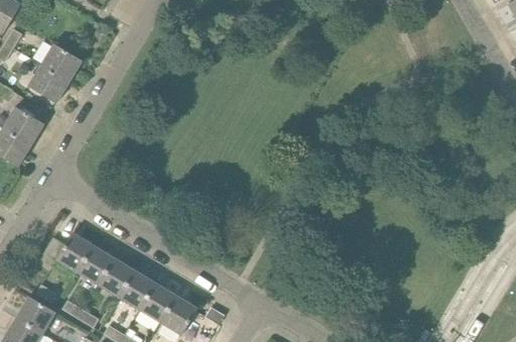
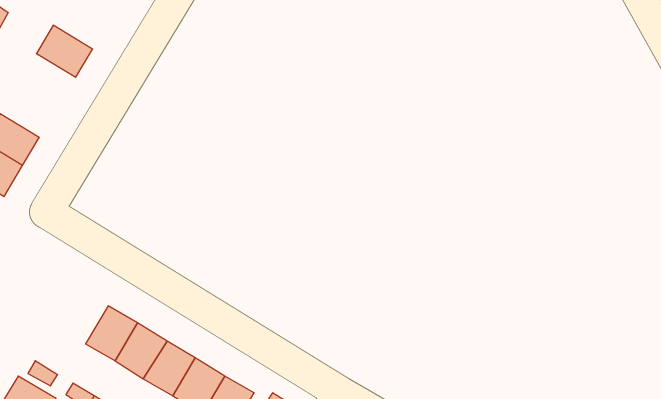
building: [27,64,70,103] -> none
building: [55,232,93,272] -> none

